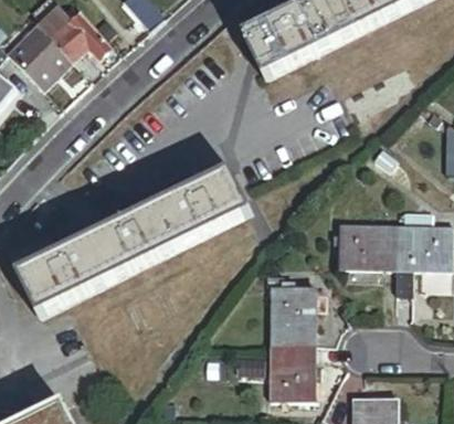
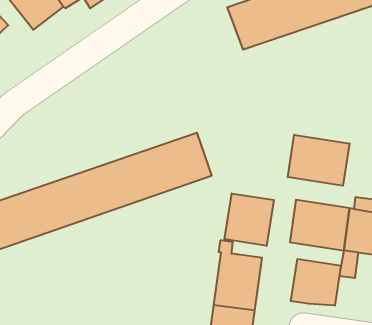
building: none -> [288,135,350,186]
building: none -> [225,193,274,246]
building: none -> [291,259,341,306]

